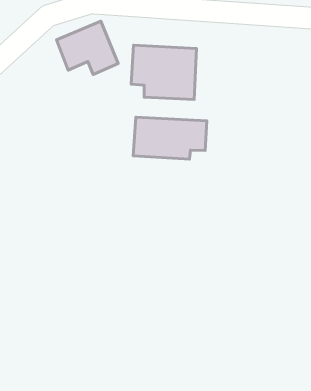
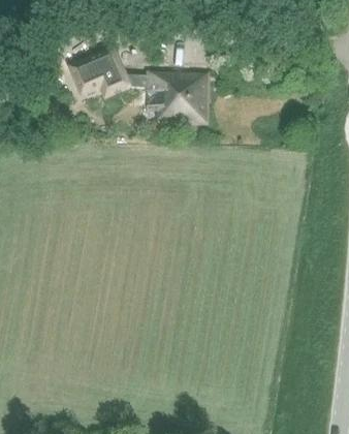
building: [133,117,207,159] -> none

